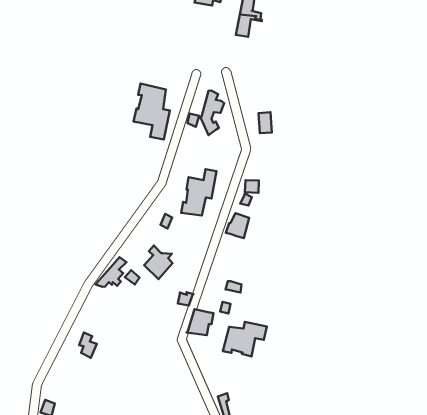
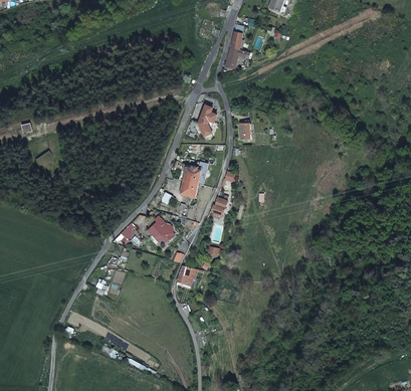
building: [133,83,170,140] -> none
building: [223,322,267,356] -> none

